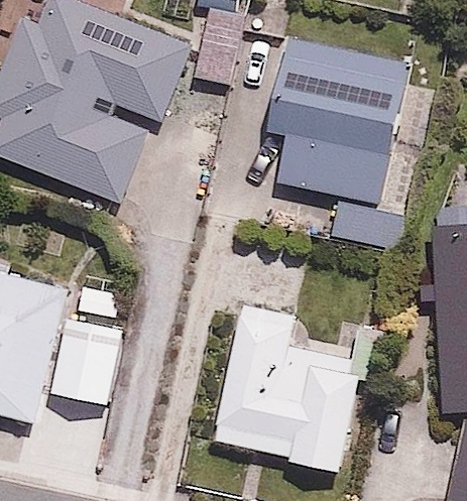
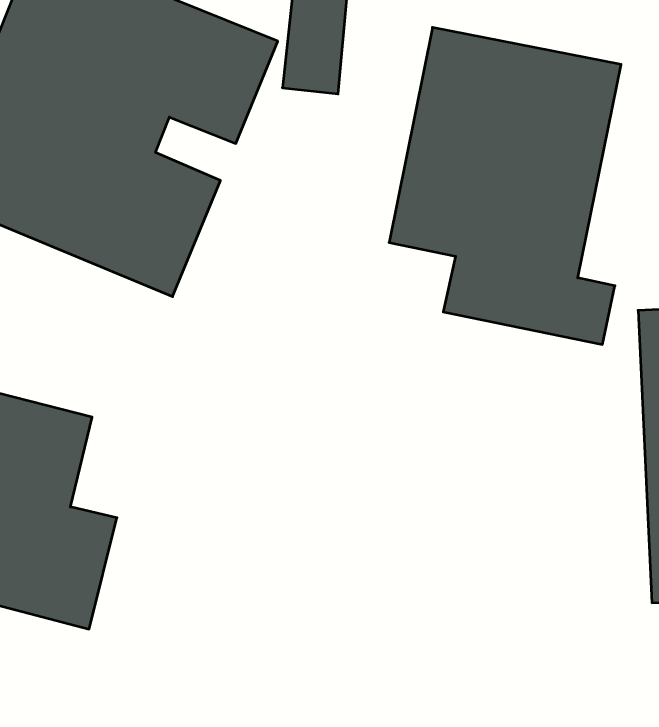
building: [210,300,362,464] -> none

